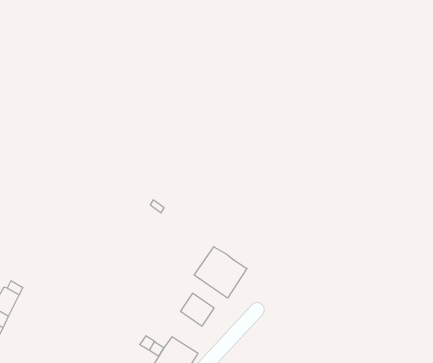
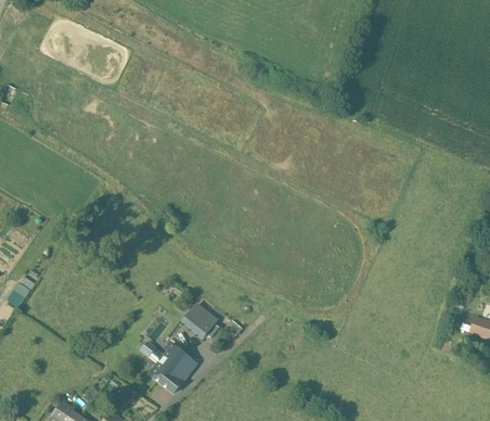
building: [194,247,247,298] -> none

